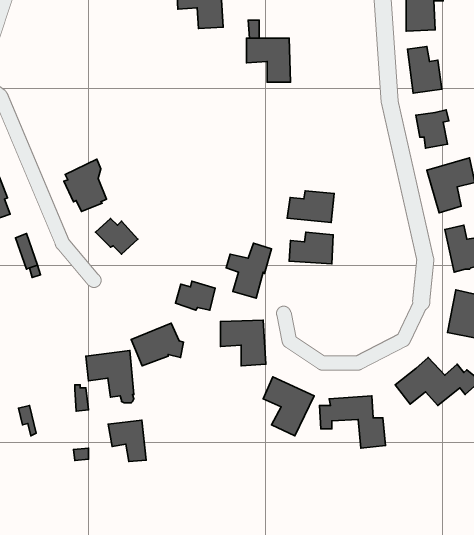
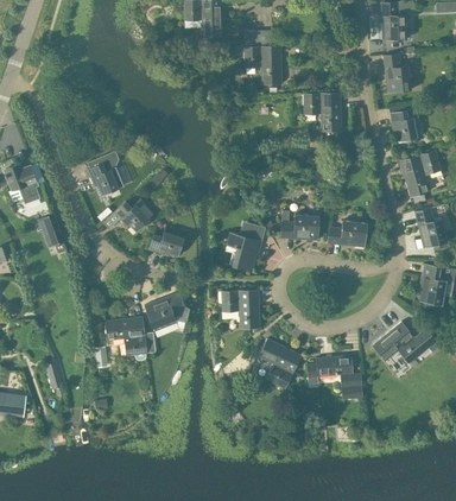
building: none -> [303,93,342,132]
building: [287,191,334,222] -> [327,221,367,248]
building: [175,281,215,310] -> [148,232,183,256]
building: [108,420,146,462] -> none

